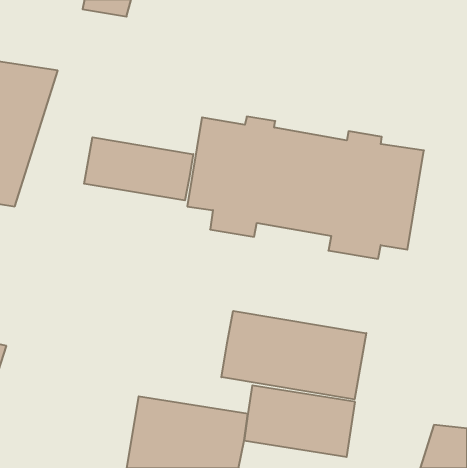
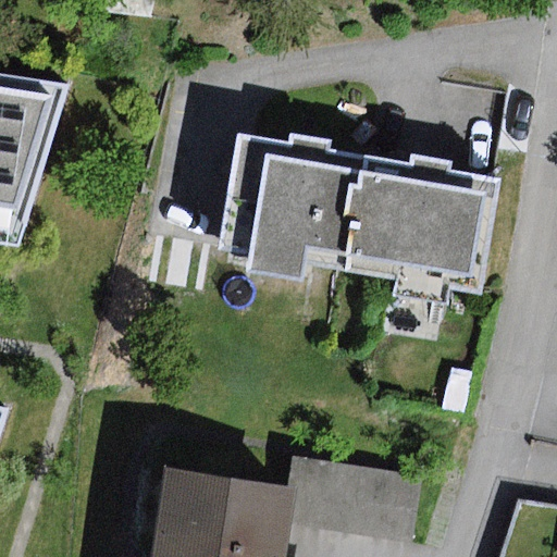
building: [84,137,193,200] -> none
building: [221,311,366,399] -> none

